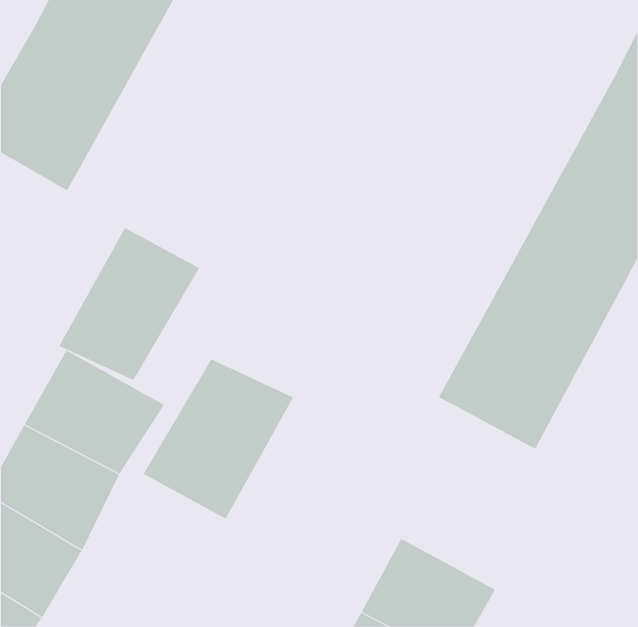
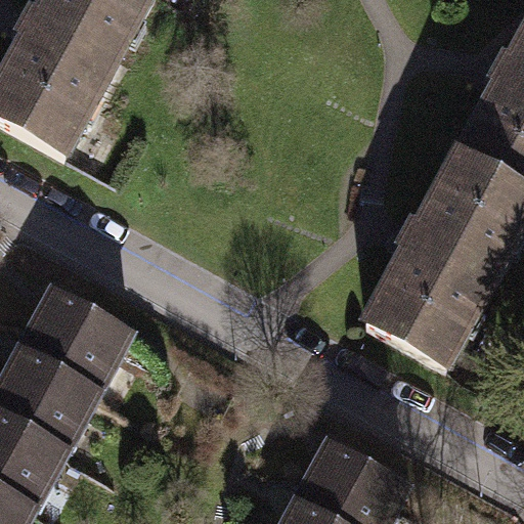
building: [59,227,200,381] -> none
building: [143,359,294,519] -> none

